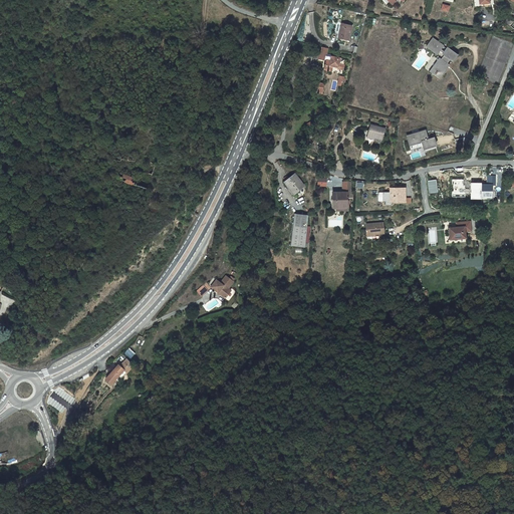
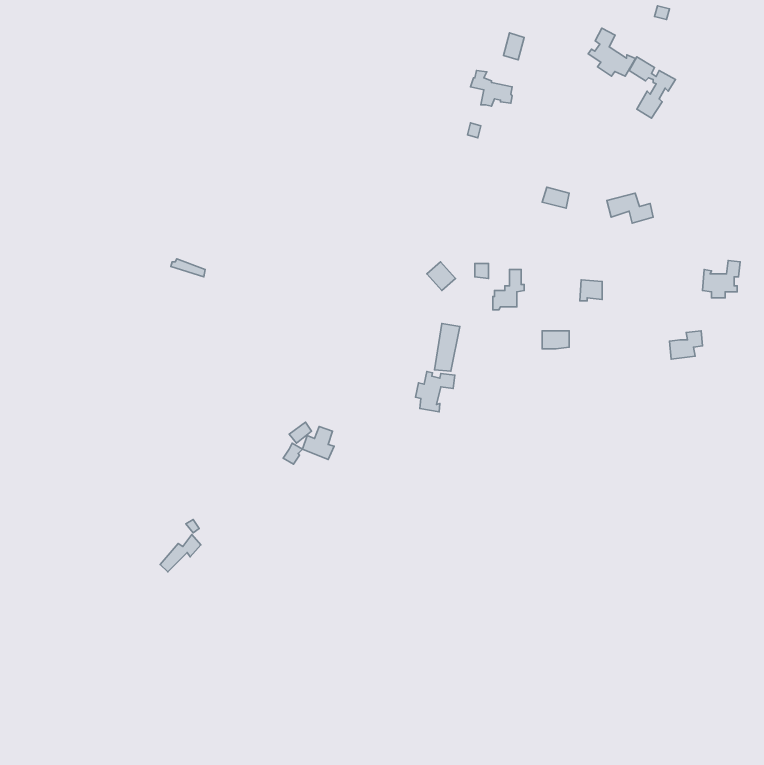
building: none -> [588,28,635,76]
building: none -> [415,372,455,412]

